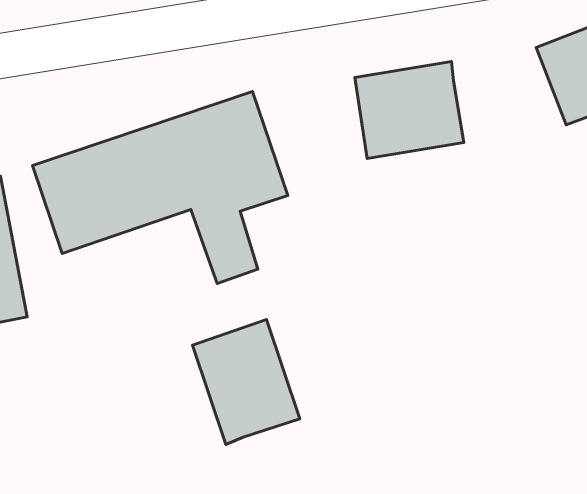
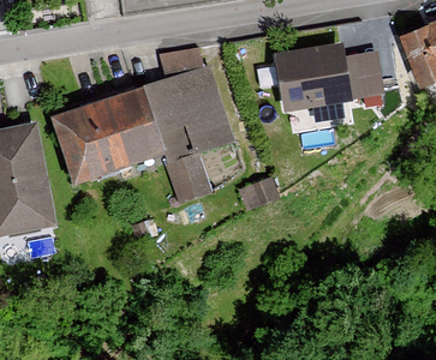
building: none -> [341,54,384,102]
building: [193,319,300,444] -> none

